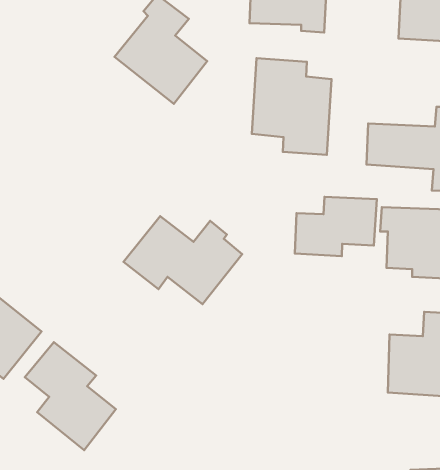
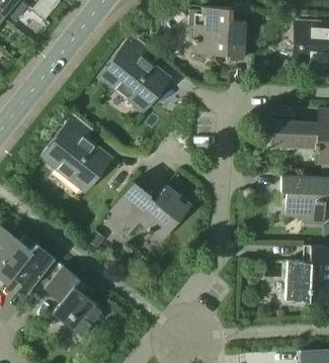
building: [252,58,332,155] -> none
building: none -> [46,114,106,187]
building: [295,197,377,256] -> none

